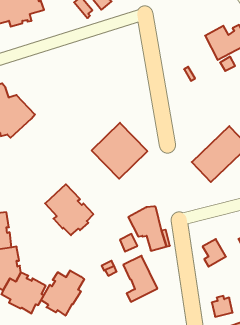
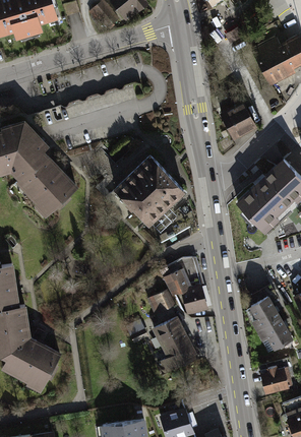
building: none -> [222,105,255,137]
building: [45,184,93,235] -> [17,151,76,213]
building: none -> [258,319,292,350]
building: [41,270,84,316] -> none

